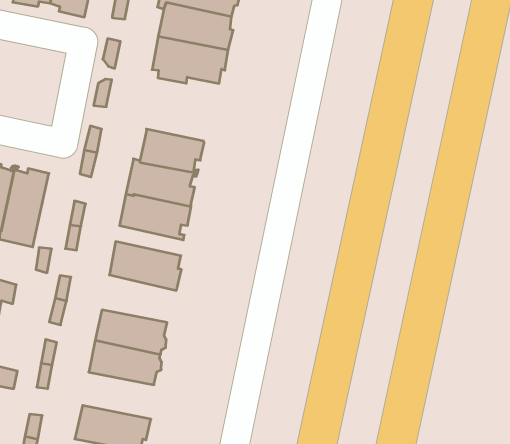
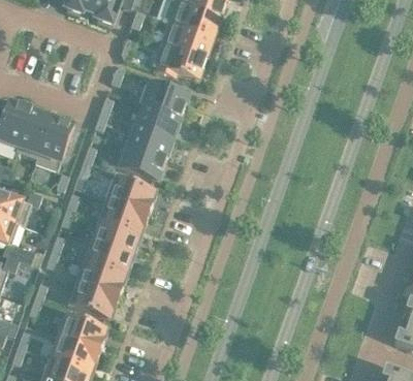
building: none -> [138,77,188,118]
building: none -> [96,197,148,234]
building: none -> [74,260,124,297]

